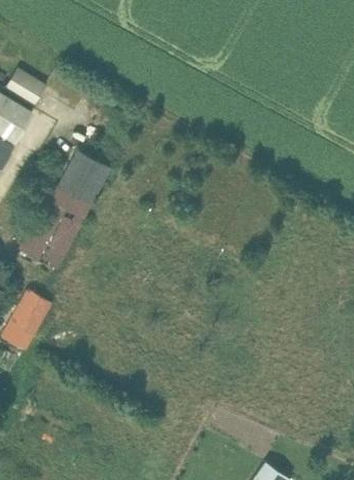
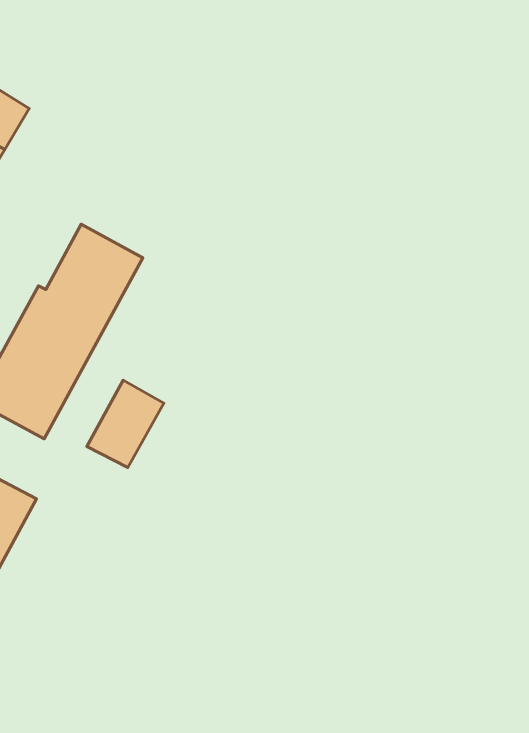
building: none -> [87,380,164,468]

